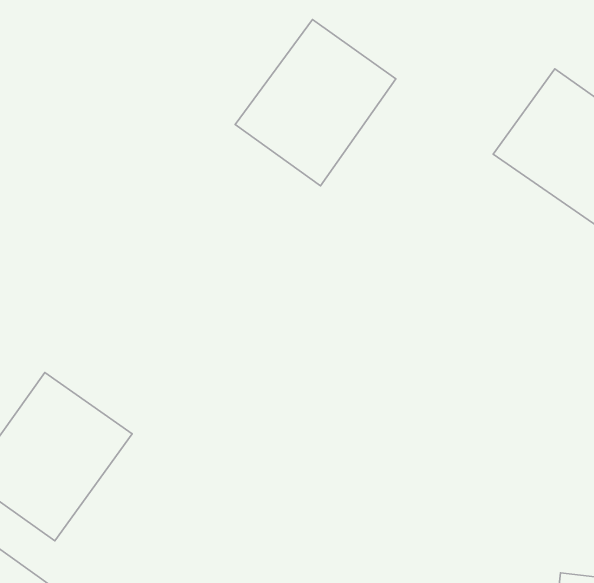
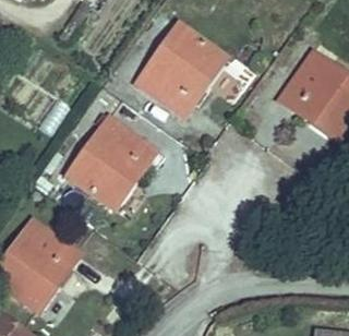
building: none -> [67,115,156,207]

